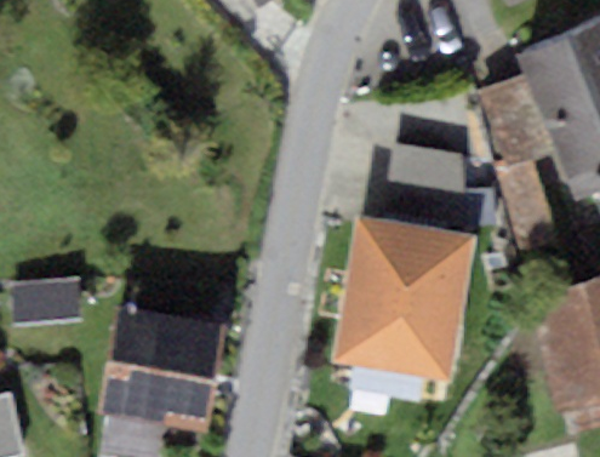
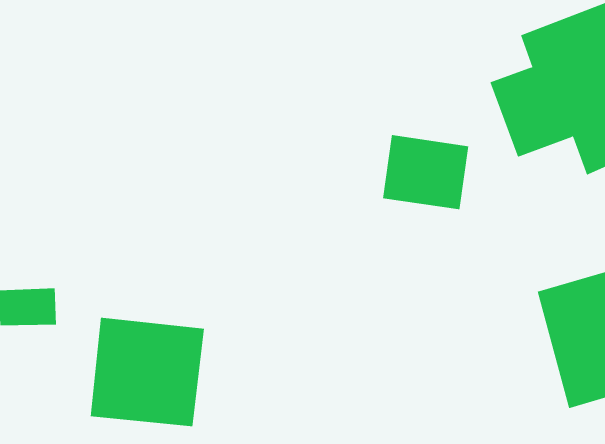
building: [331,216,475,379] -> none

